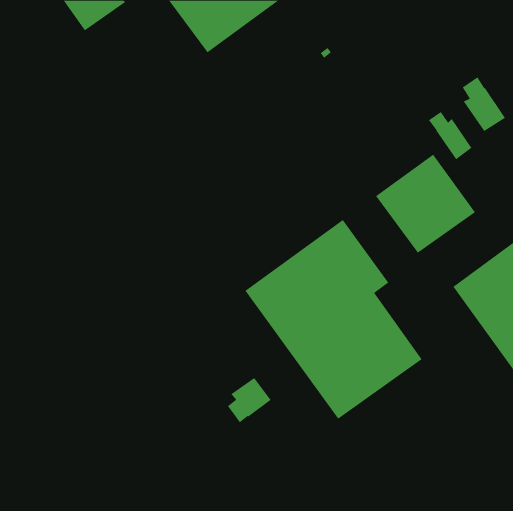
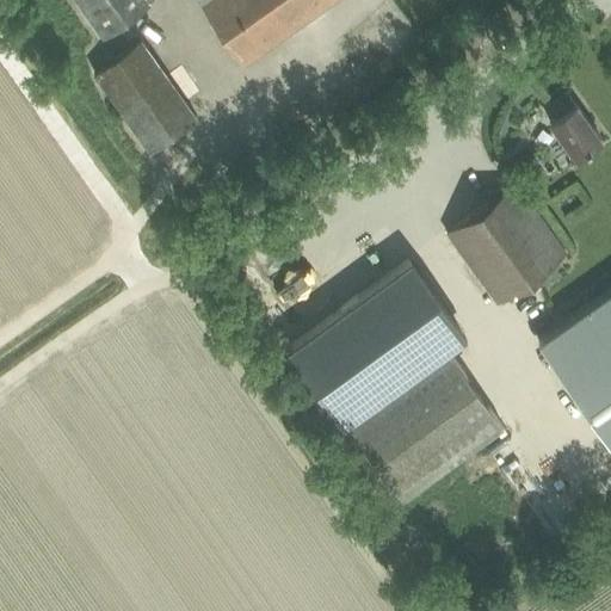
building: none -> [92,41,197,154]
building: [428,111,472,160] -> none
building: [227,377,272,423] -> none

